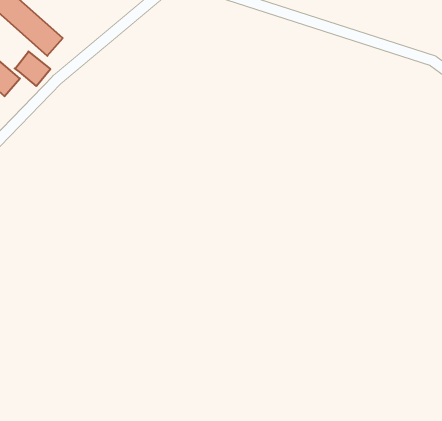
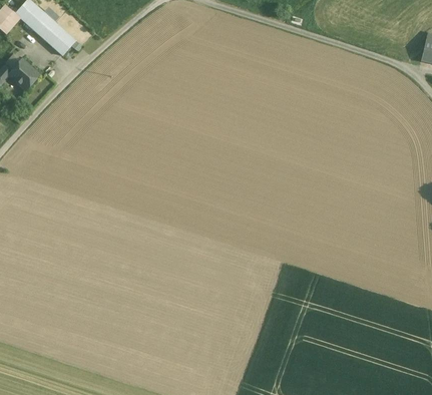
building: [15,51,50,86] -> none

